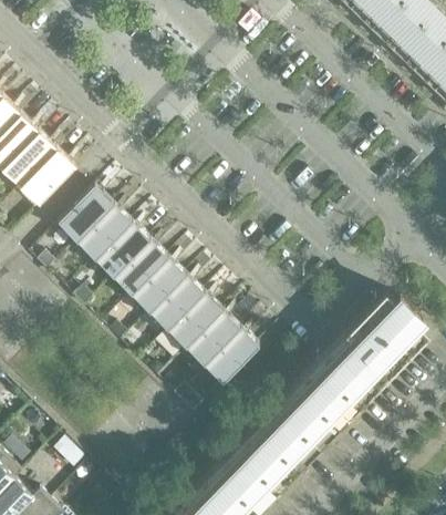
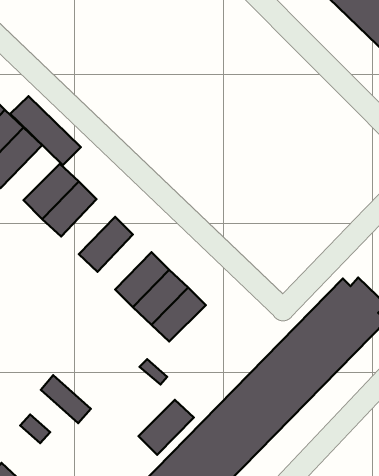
building: none -> [10,96,81,165]
building: [96,223,151,278] -> none
building: [133,258,187,313] -> none
building: [205,329,260,384] -> [139,400,194,455]
building: none -> [41,375,91,423]

